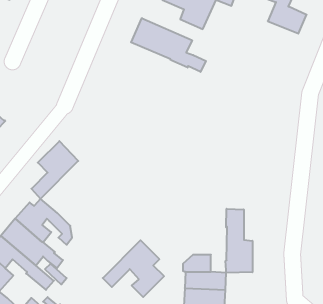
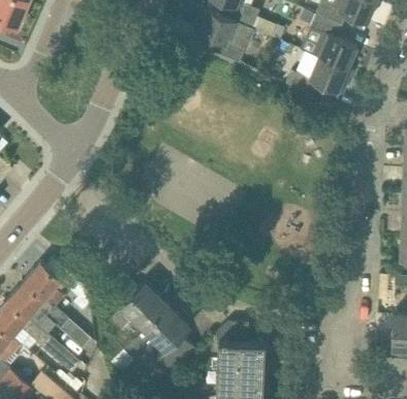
building: [131,18,206,72] -> none
building: none -> [286,55,352,95]
building: [31,141,78,199] -> [114,283,167,349]
building: [226,209,252,273] -> none

